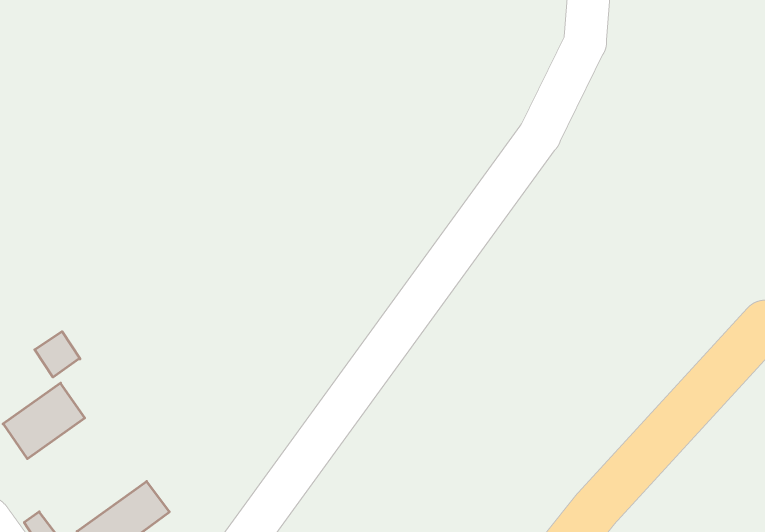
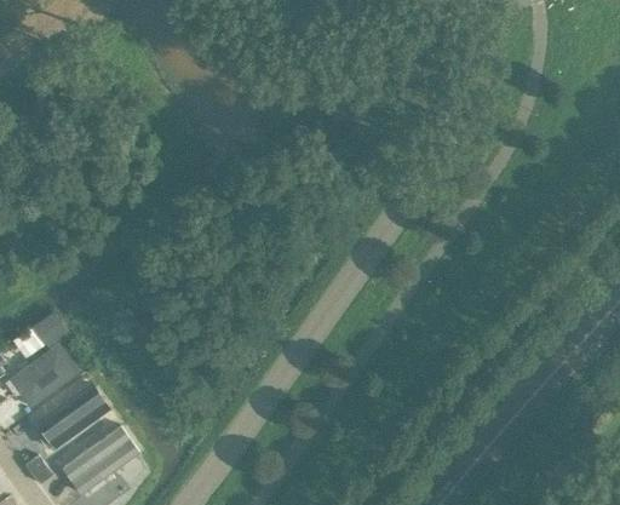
building: none -> [39,388,111,452]

